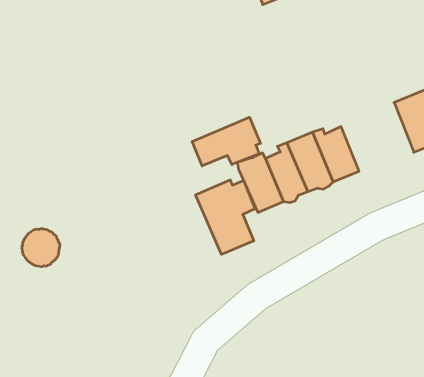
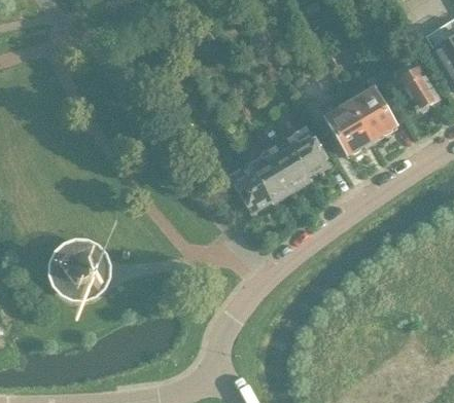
building: none -> [325,103,372,155]
building: [192,117,261,166] -> none
building: [196,180,255,254] -> none

